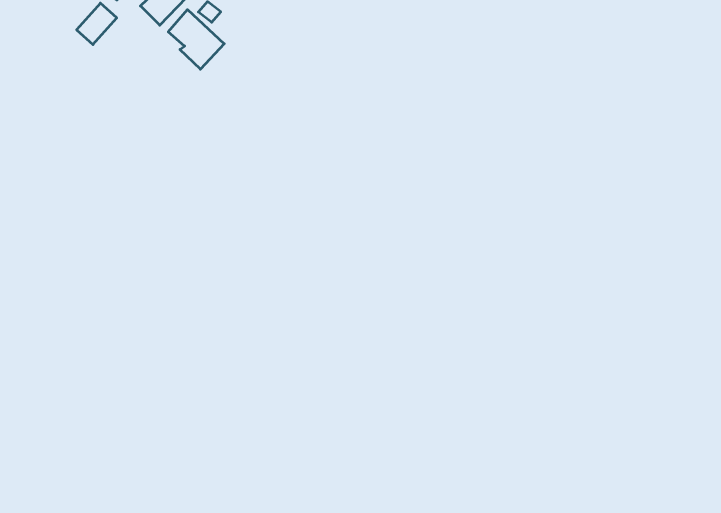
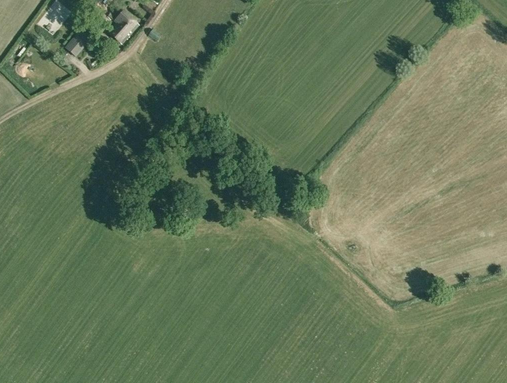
building: [168,10,224,69] -> none

